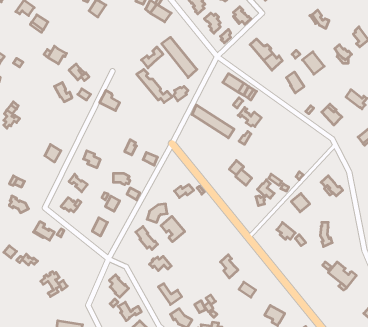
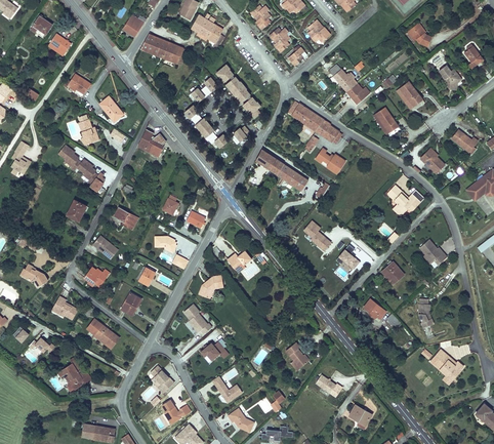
building: none -> [140,32,187,64]
building: none -> [60,147,101,185]
building: none -> [385,184,423,215]
building: [161,216,185,242] -> none
building: none -> [92,320,125,348]

